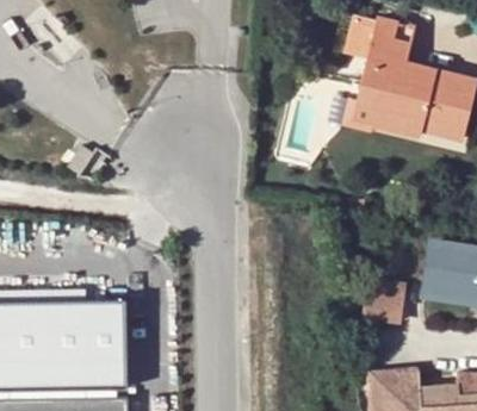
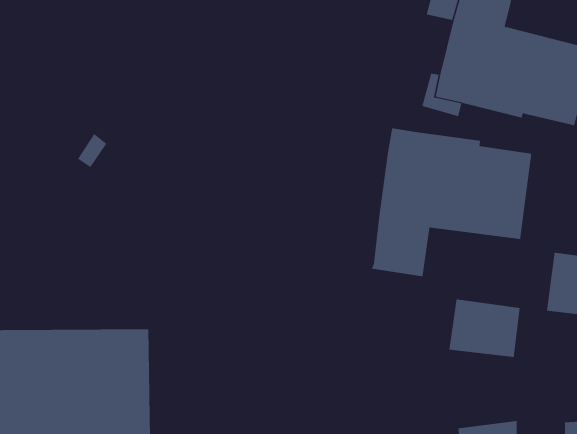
building: none -> [371,127,532,277]

